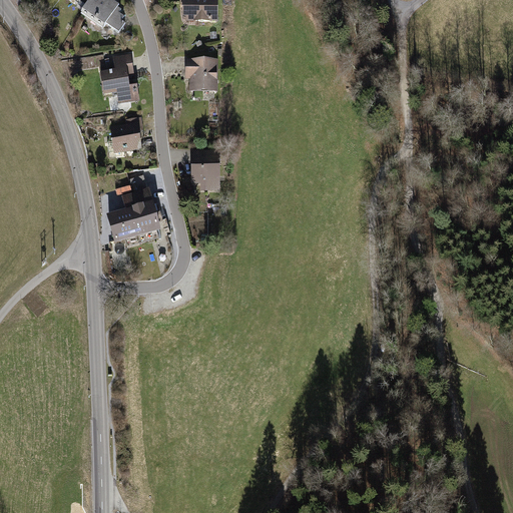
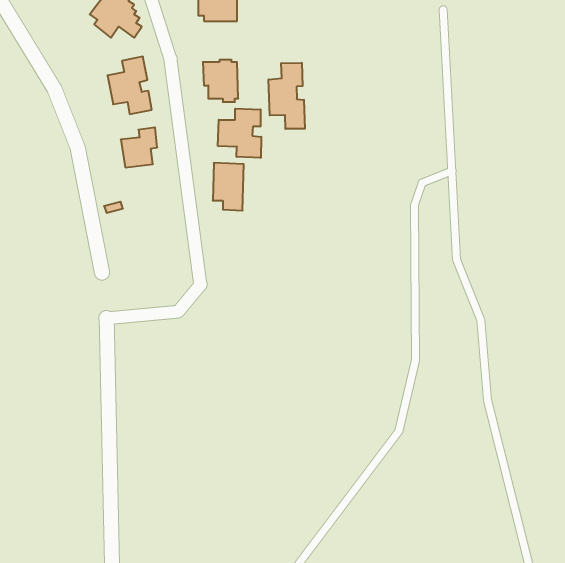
building: none -> [269,63,305,129]
building: none -> [218,109,261,158]
building: [107,188,161,242] -> none

